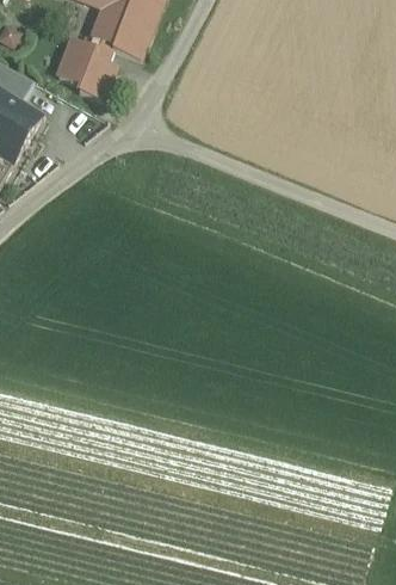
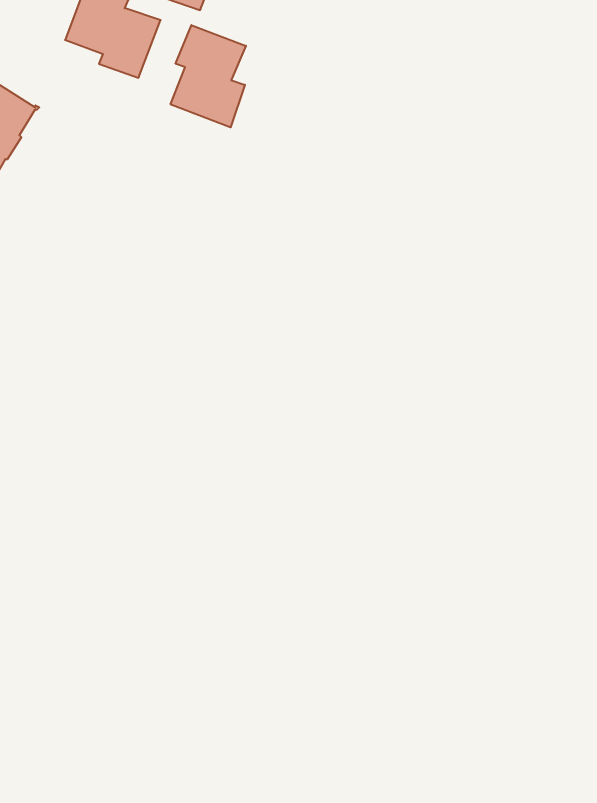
building: none -> [171,25,246,127]

